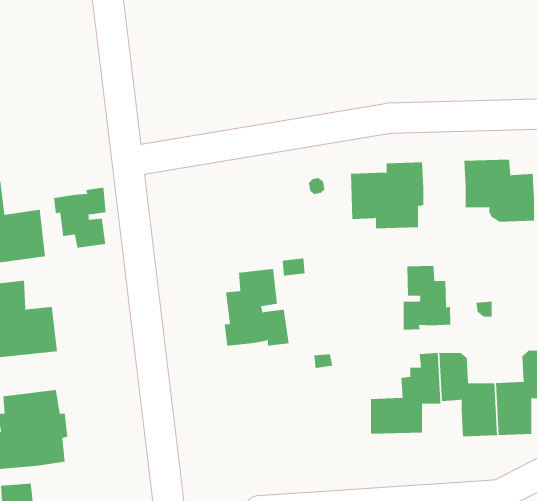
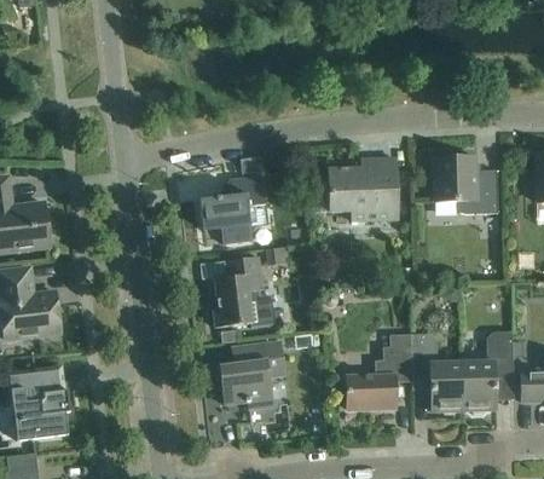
building: none -> [201,177,265,243]
building: [53,187,106,249] -> none
building: [403,265,451,330] -> none
building: none -> [220,341,284,409]

